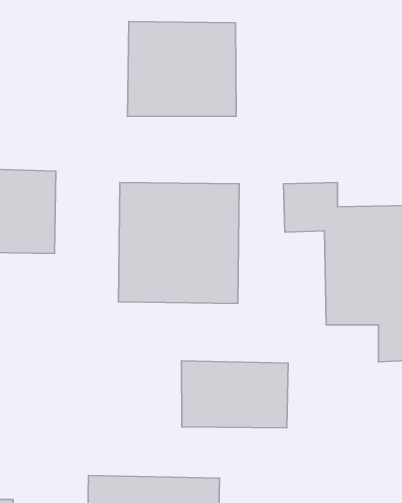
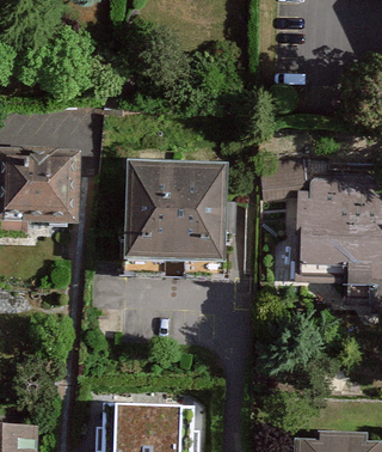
building: [128,21,236,116] -> none
building: [181,361,288,428] -> none

